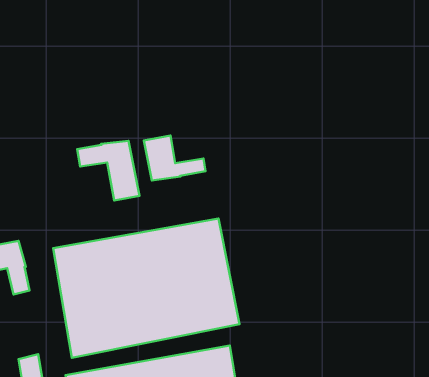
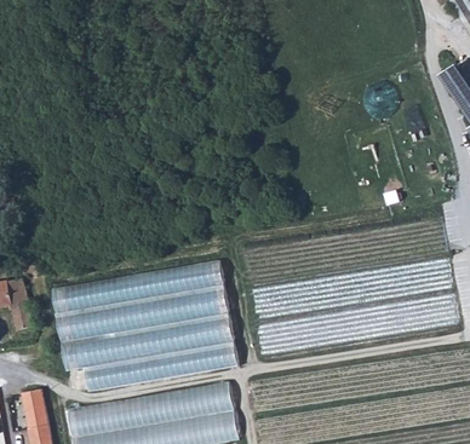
building: [144,135,205,180] -> none
building: [77,141,140,201] -> none

